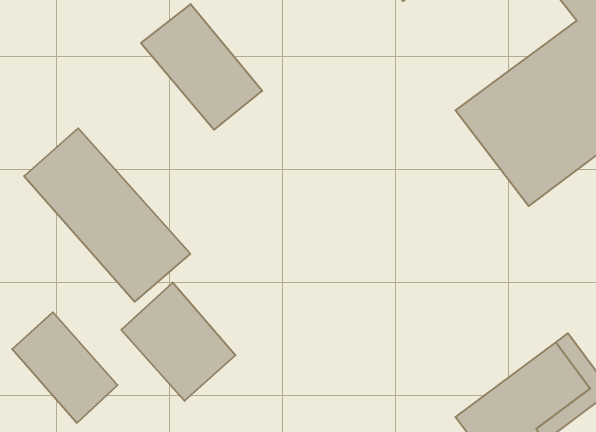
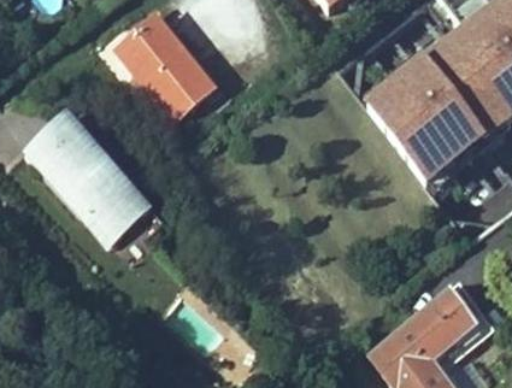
building: [121,282,236,401] -> none
building: [12,312,118,423] -> none

